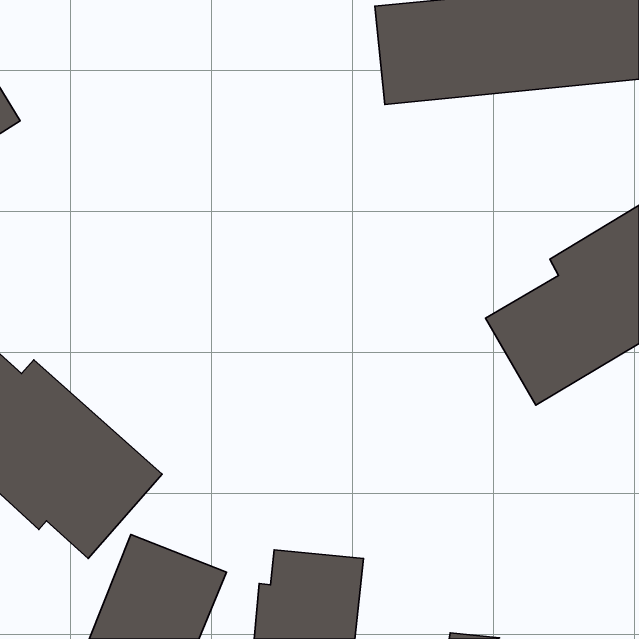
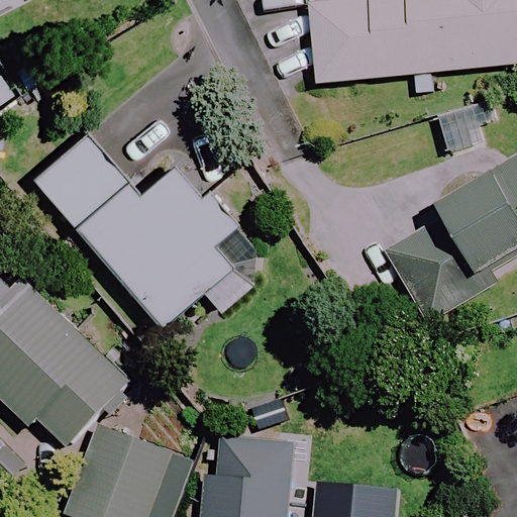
building: none -> [35,134,253,325]

